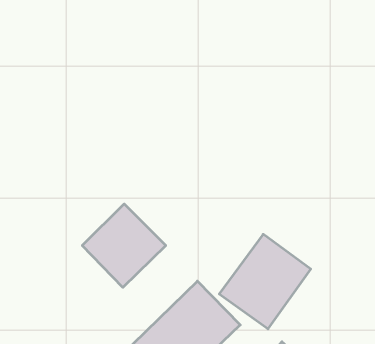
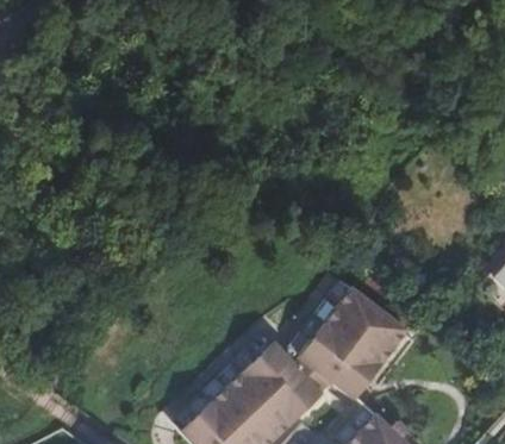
building: [82,204,166,287] -> none

